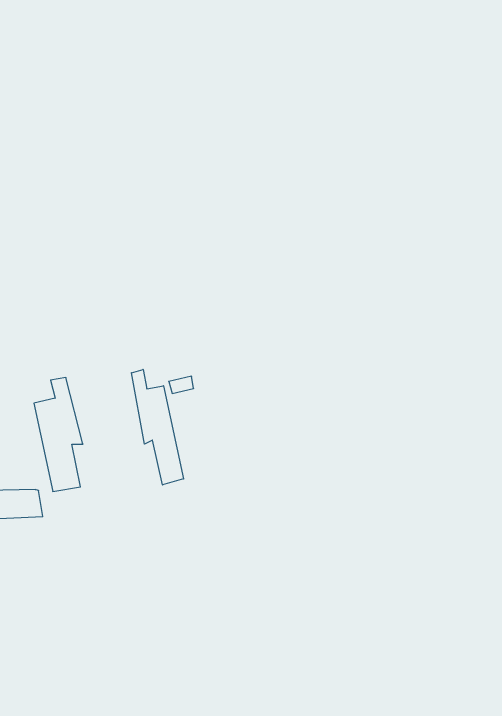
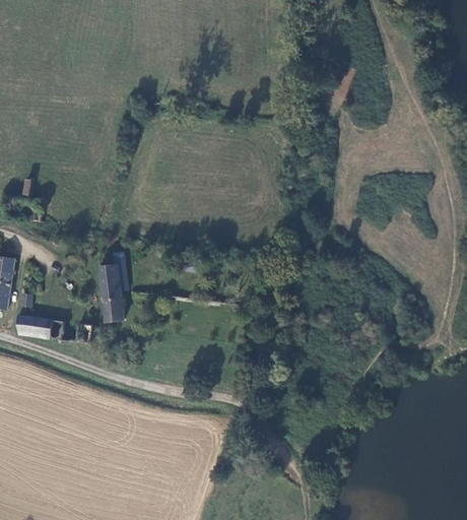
building: [131,369,184,485] -> none

